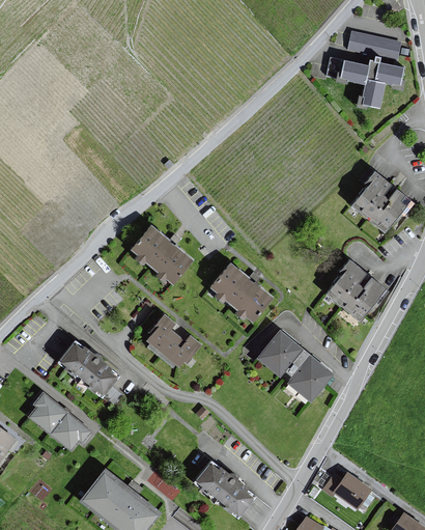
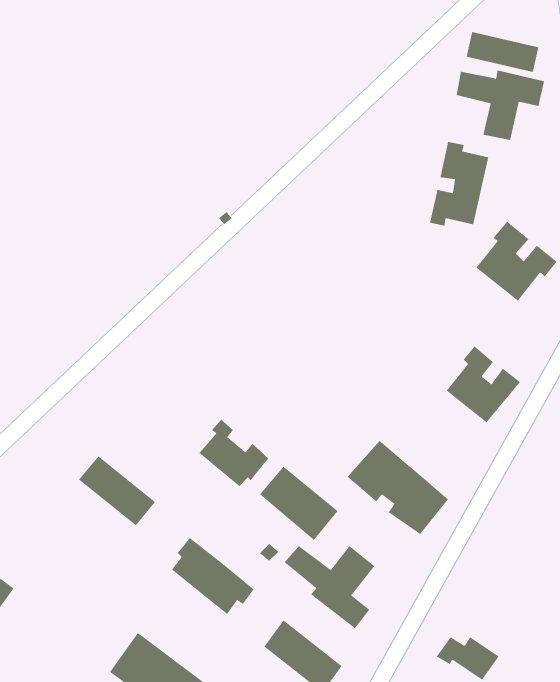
building: none -> [429,141,489,226]
building: [133,228,191,283] -> none
building: [214,266,272,320] -> [259,466,338,541]
building: [29,393,90,450] -> [171,537,254,615]
building: none -> [284,545,375,629]

